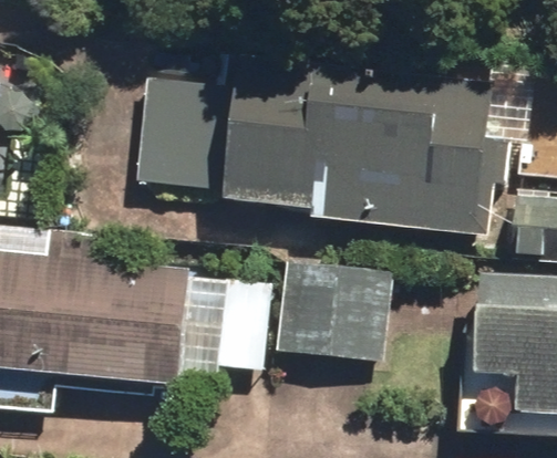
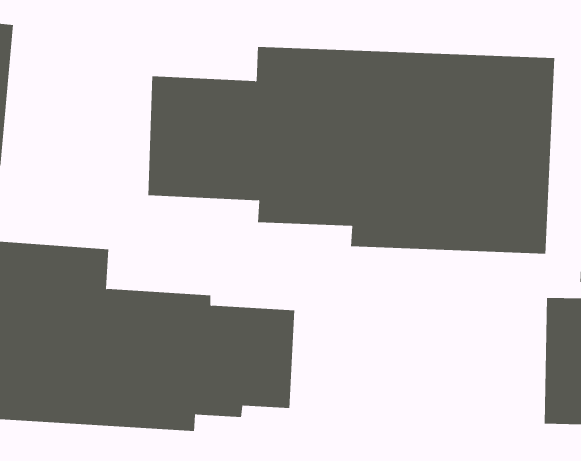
building: [279,261,389,358] -> none

